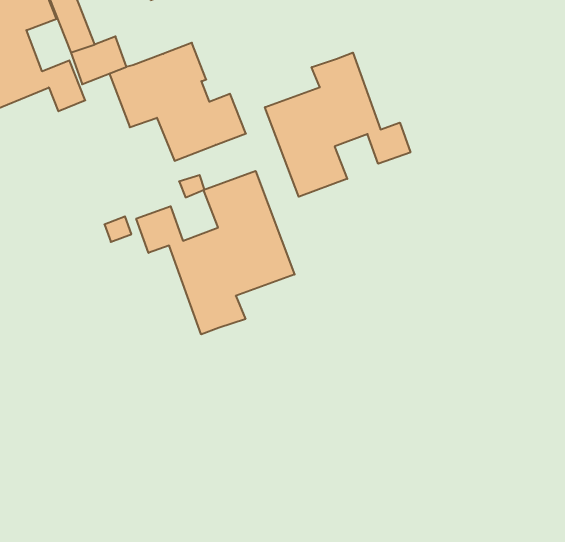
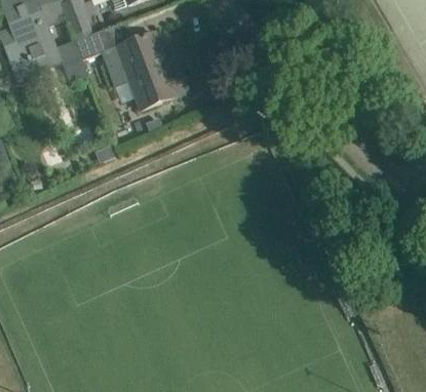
building: [265,53,410,197] -> none
building: [136,171,295,334] -> none

